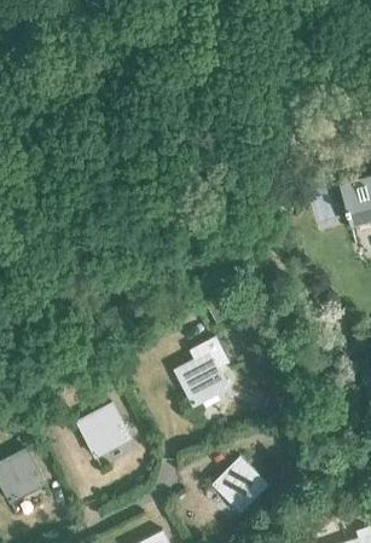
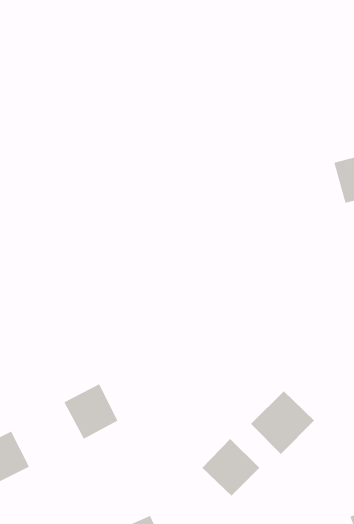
building: [175,337,228,405] -> none
building: none -> [250,391,315,455]

